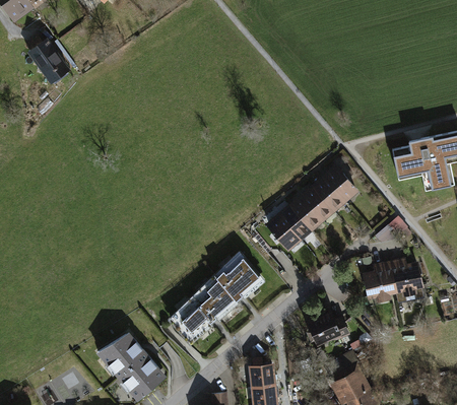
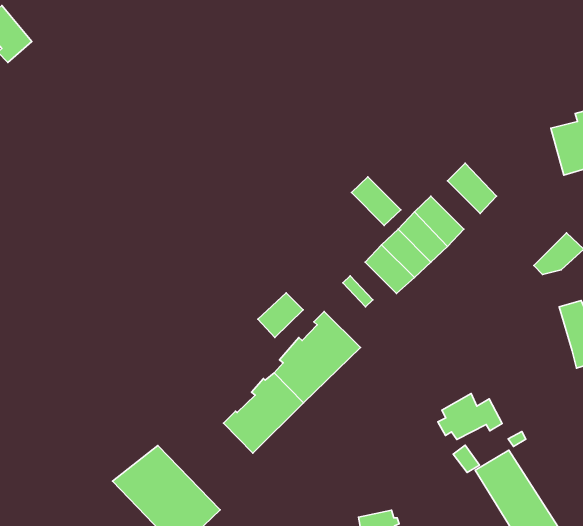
building: [313,178,343,209] -> [351,177,401,225]
building: none -> [258,293,303,338]
building: [364,263,395,299] -> none
building: [250,364,273,387] -> none

